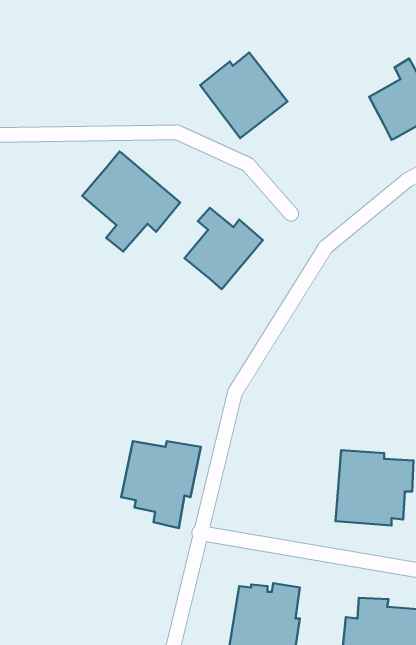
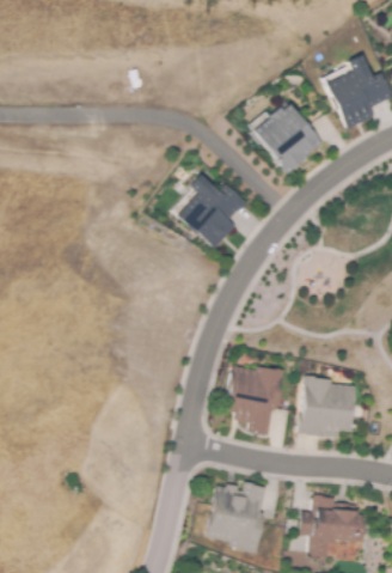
building: [200,53,287,138] -> [251,105,321,175]
building: [82,152,180,252] -> none
building: [121,441,201,528] -> [226,365,290,435]

